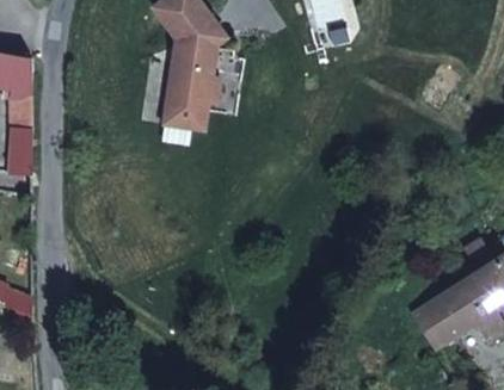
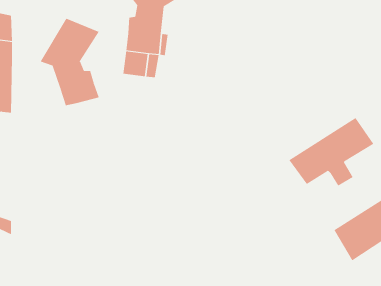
building: none -> [40,18,99,106]
building: none -> [288,117,374,186]

